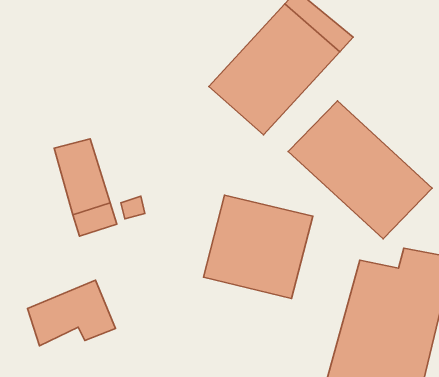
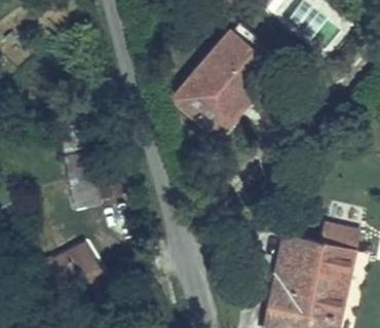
building: [288,101,432,239] -> none
building: [203,195,313,298] -> none

